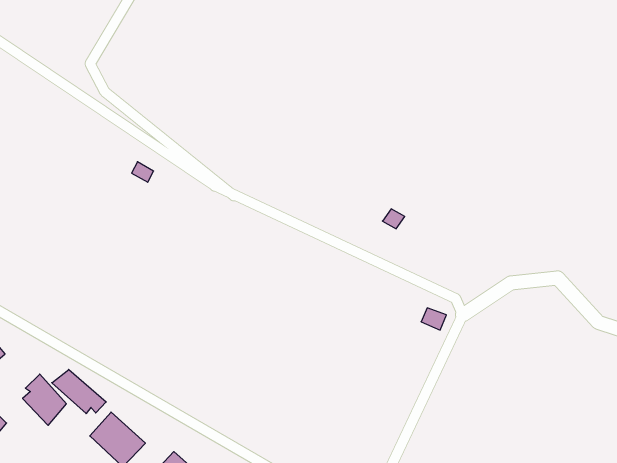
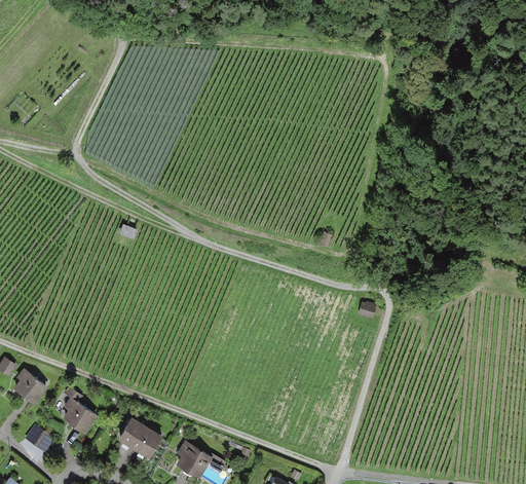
building: [52,369,106,414] -> none

